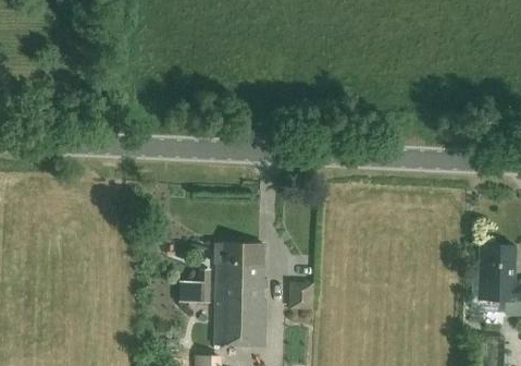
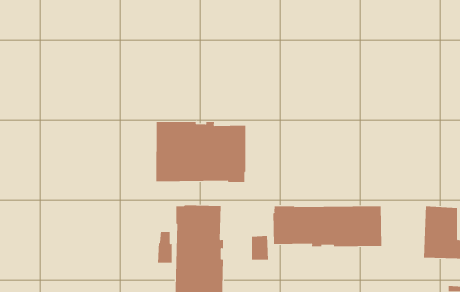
building: none -> [156,121,246,183]
building: none -> [273,205,382,247]

